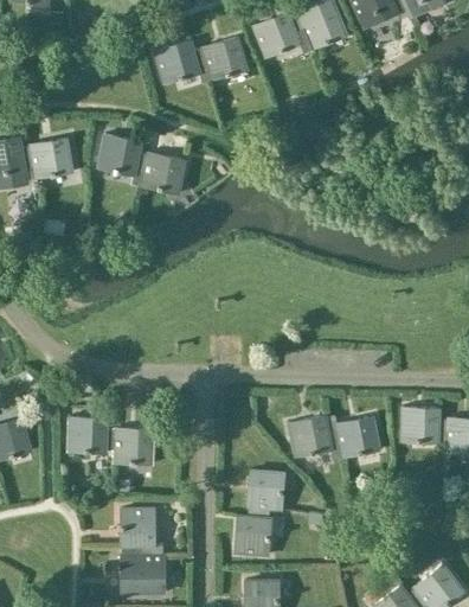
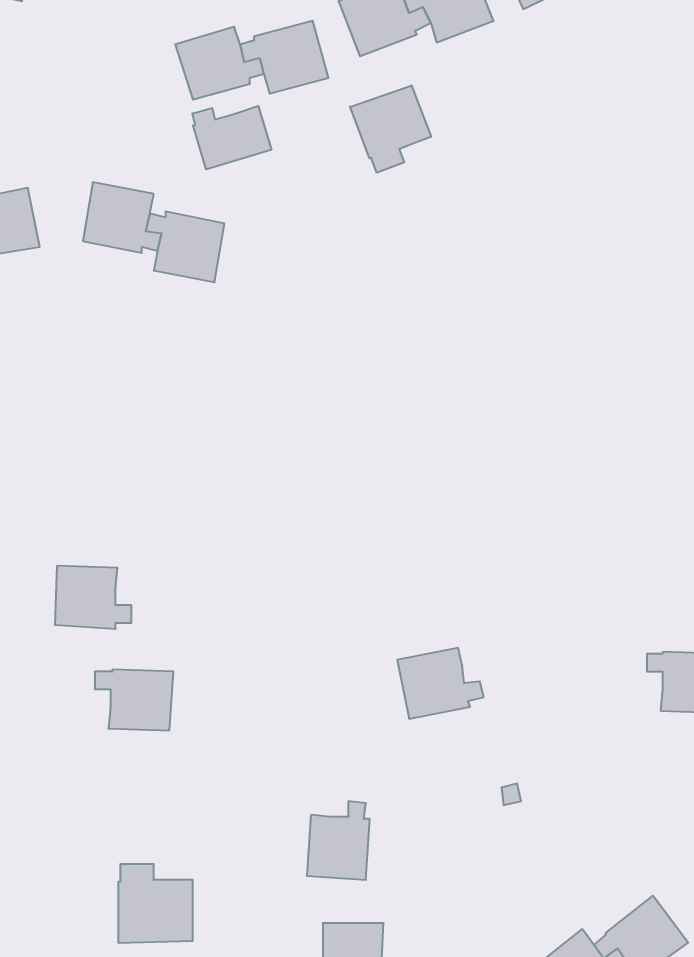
building: none -> [350,85,431,173]
building: none -> [192,106,271,169]
building: [401,407,449,443] -> none
building: [70,416,116,454] -> [55,566,131,629]
building: [328,416,380,458] -> none
building: [248,471,287,517] -> none
building: [121,509,156,555] -> none

